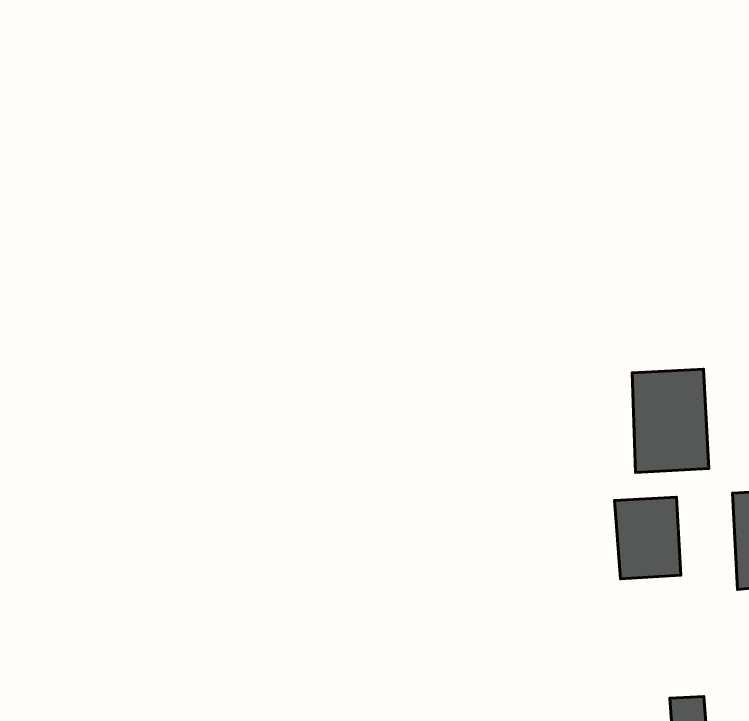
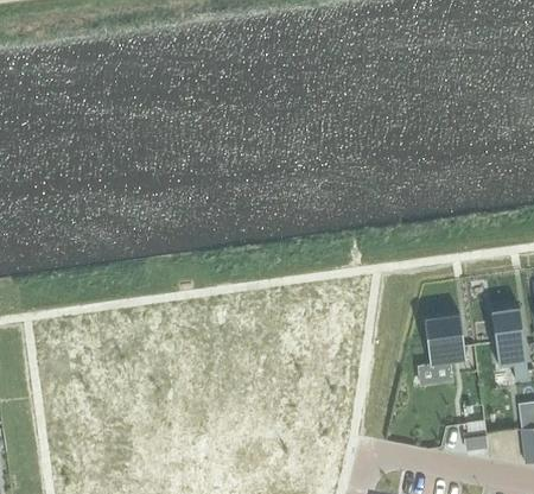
building: [632,369,709,472] -> none

